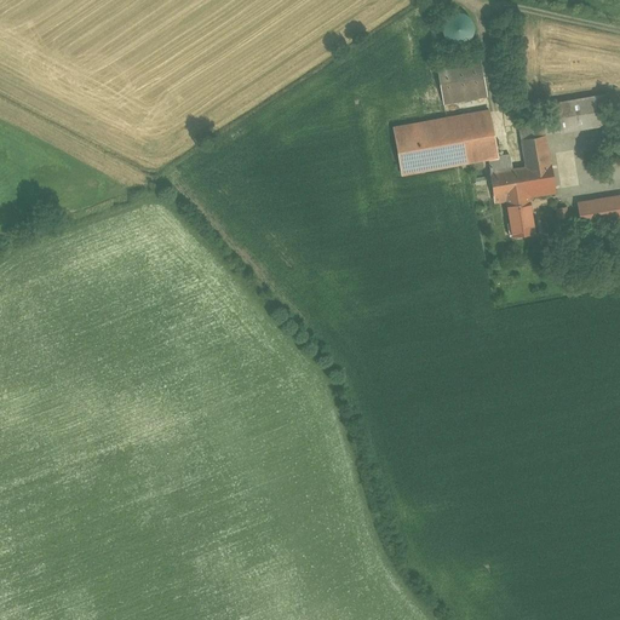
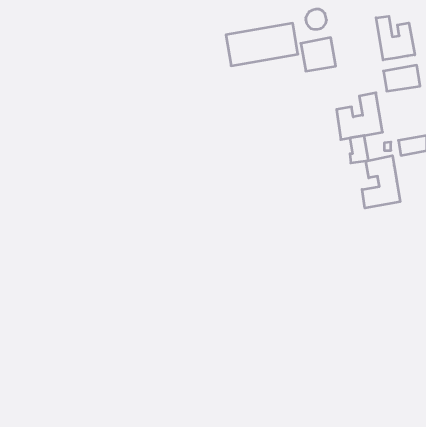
building: none -> [376,16,415,60]
building: [394,109,498,171] -> [226,23,298,66]
building: none -> [362,156,400,208]

